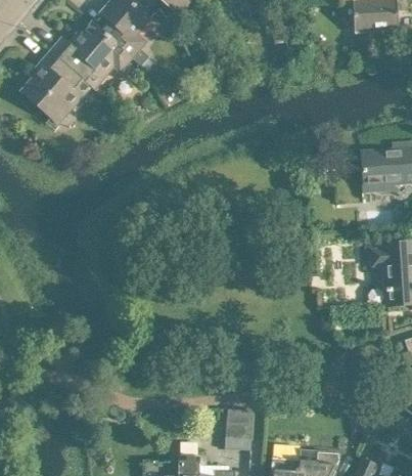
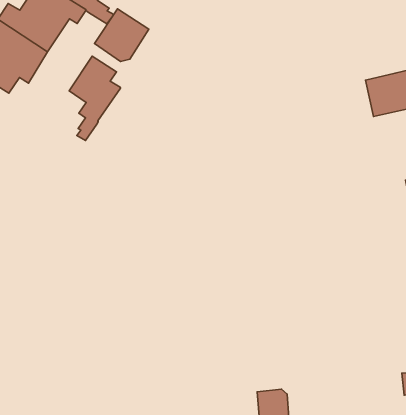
building: none -> [95,9,149,62]
building: none -> [69,56,120,141]

